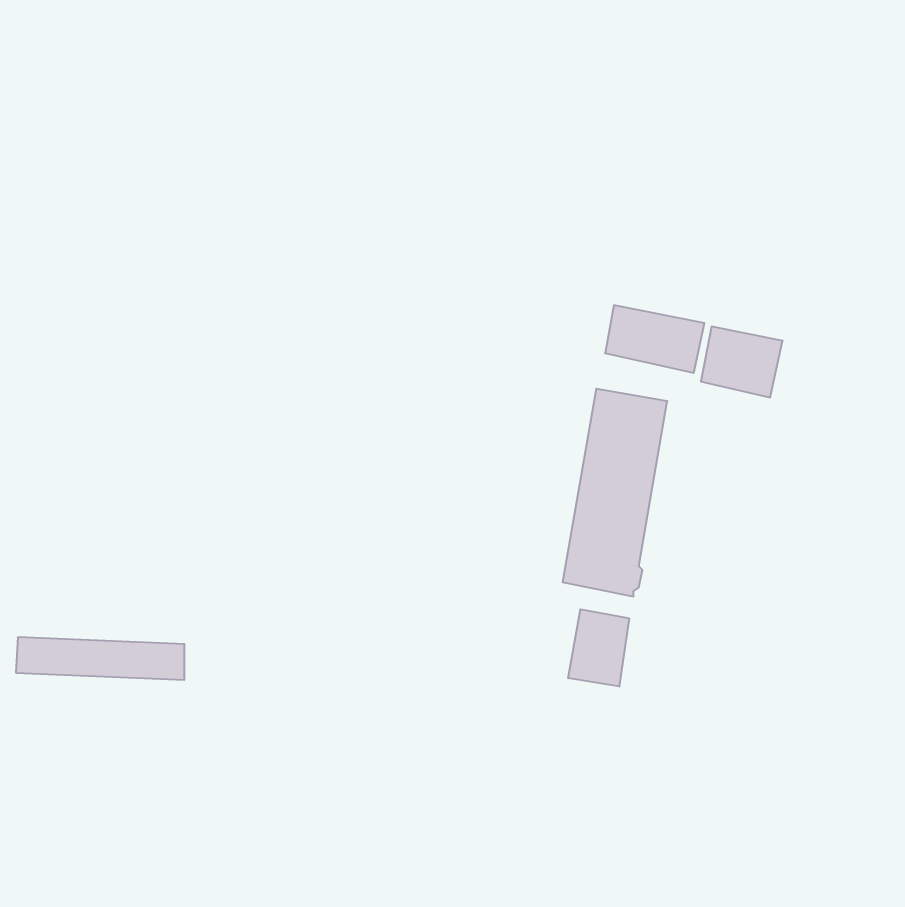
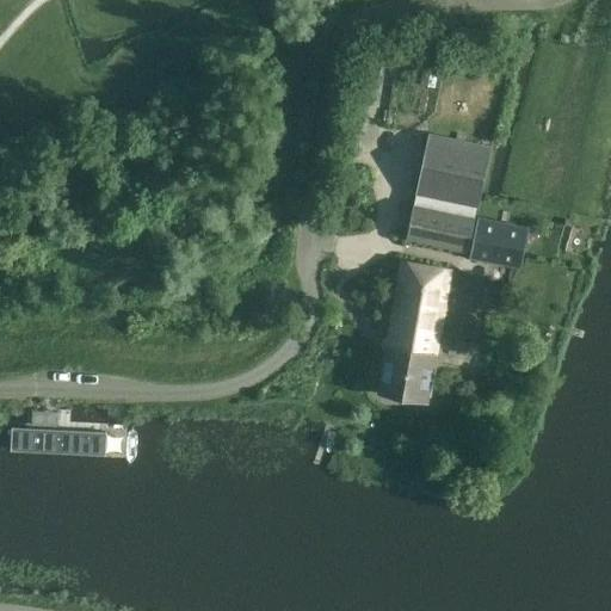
building: none -> [416,134,489,205]
building: [568,609,629,687] -> none

